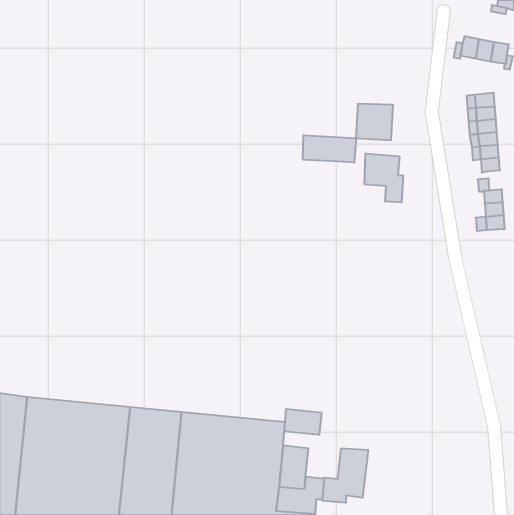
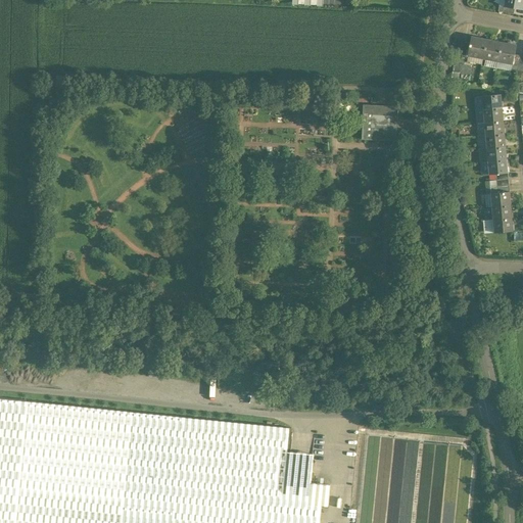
building: [303,135,356,163] -> none
building: [364,153,403,202] -> none
building: [285,409,322,435] -> none
building: [323,448,368,503] -> none

